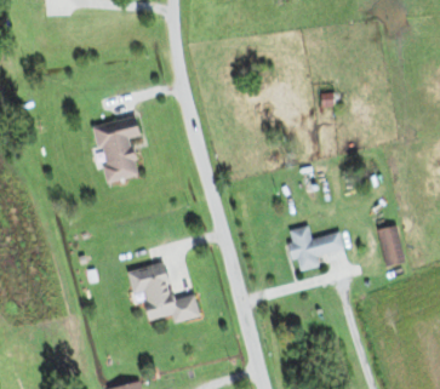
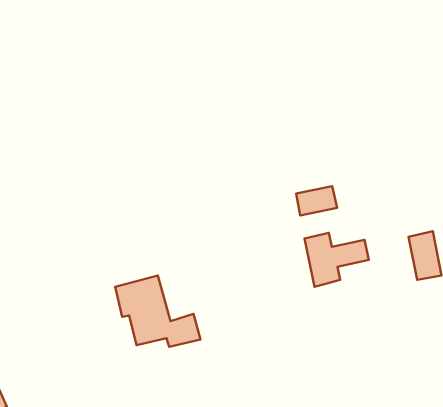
building: [93,115,141,182] -> none
building: none -> [296,186,337,216]

